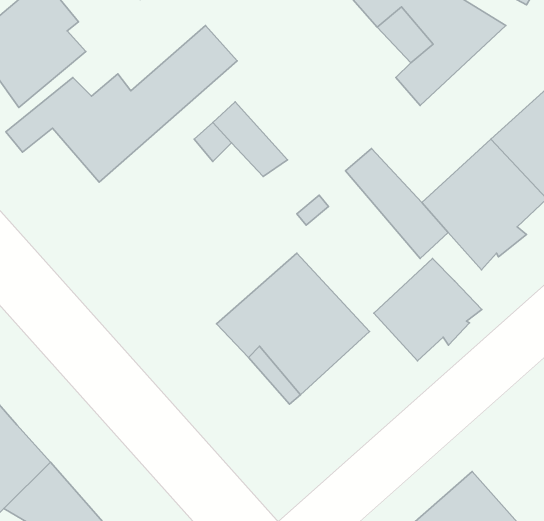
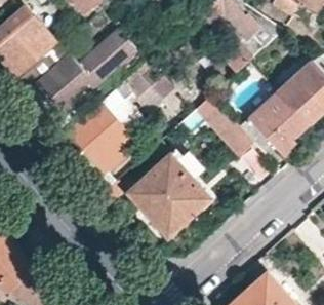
building: none -> [68,104,138,176]
building: [374,259,482,361] -> none

